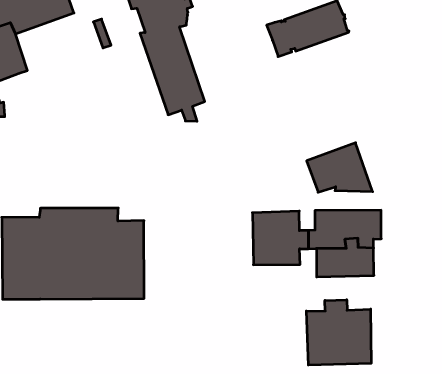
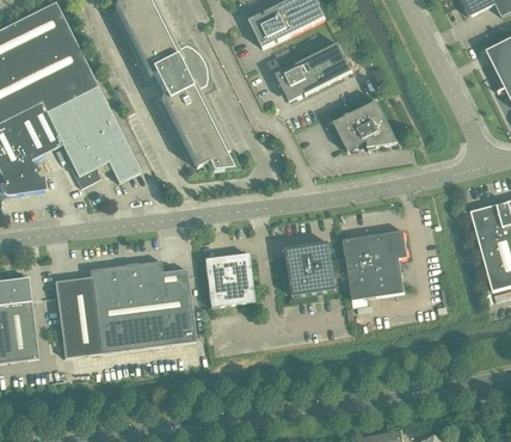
building: none -> [45,85,140,188]
building: [307,143,373,192] -> [333,99,398,149]
building: none -> [204,252,253,305]
building: [306,300,371,365] -> none

